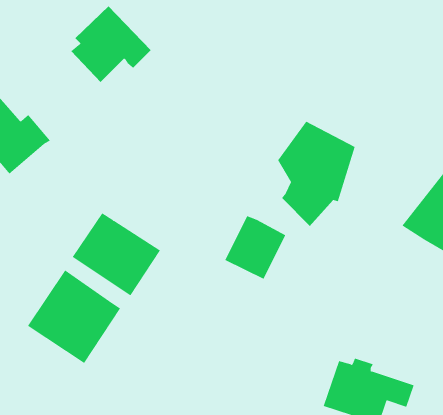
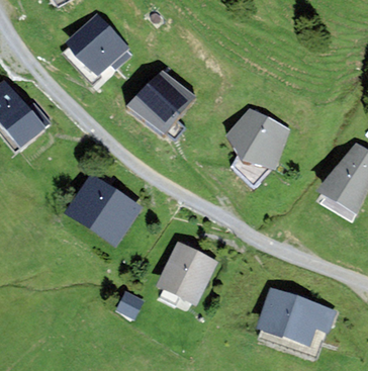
building: none -> [126,70,194,134]
building: [225,215,286,280] -> [162,248,209,297]
building: [27,270,121,364] -> none

